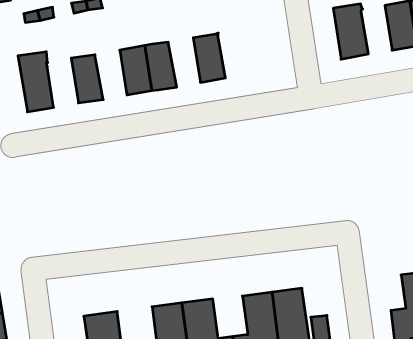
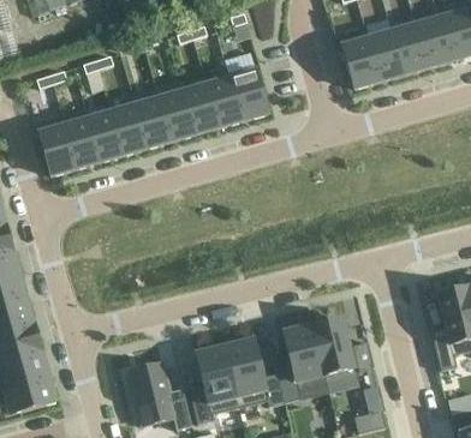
building: none -> [369,31,404,80]
building: none -> [227,65,268,120]
building: none -> [183,84,219,134]
building: none -> [112,104,148,155]
building: none -> [65,118,101,168]

